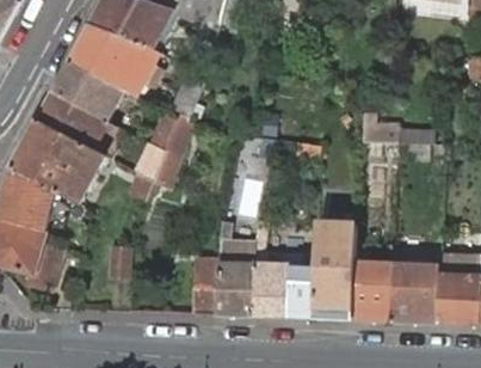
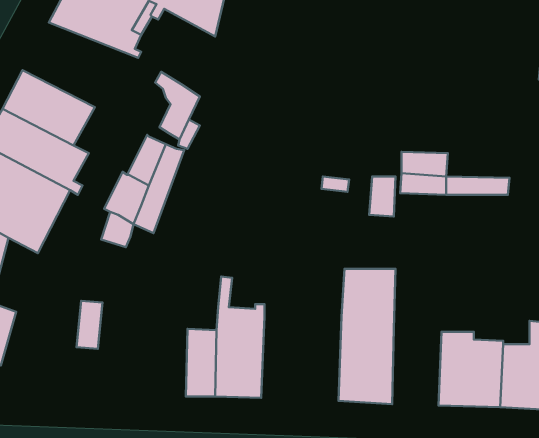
building: [68,23,160,96] -> none
building: [253,221,315,317] -> none
building: [354,260,393,320] -> none

